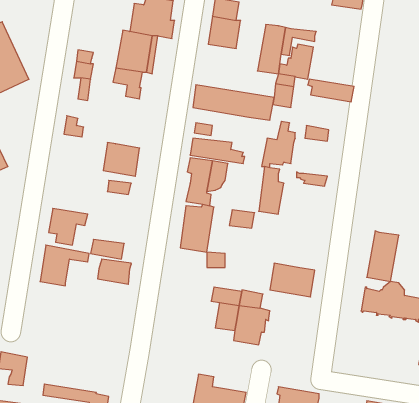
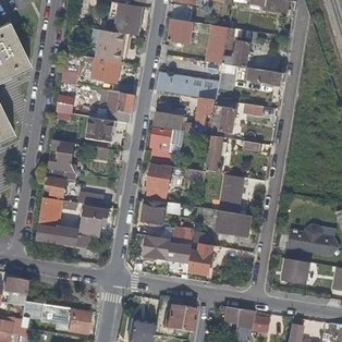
building: none -> [96,88,133,123]
building: none -> [195,97,216,135]
building: none -> [47,139,76,172]
building: [367,231,399,282] -> [219,174,244,213]
building: none -> [142,200,164,228]
building: none -> [35,224,88,247]
building: none -> [143,235,170,259]
building: none -> [280,258,310,285]

